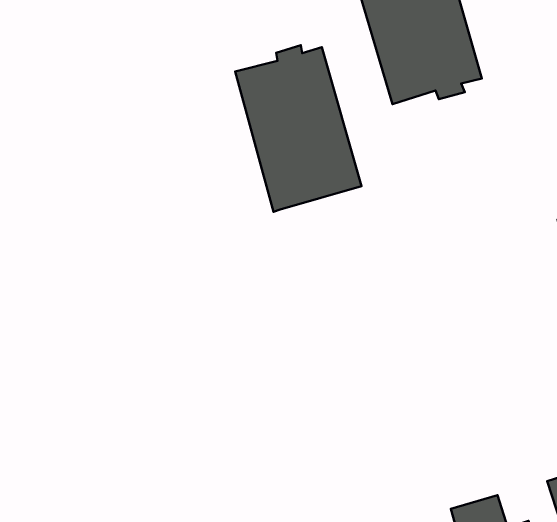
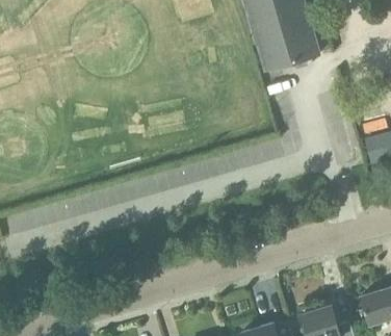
building: [235,45,362,212] -> none

